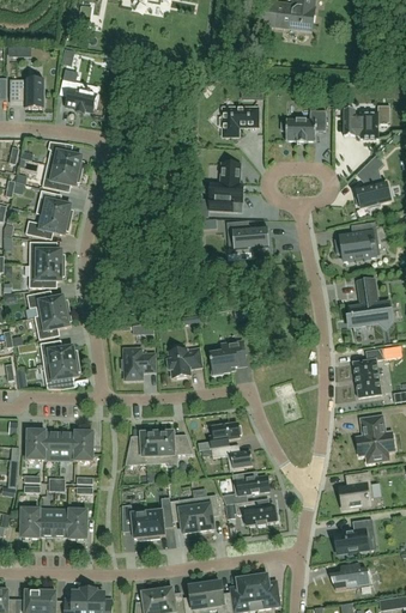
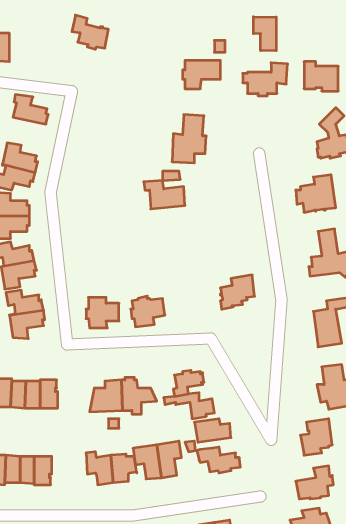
building: none -> [253,17,276,51]
building: [59,78,96,113] -> [72,15,108,49]
building: [42,164,80,189] -> none
building: [226,220,268,249] -> [144,181,185,209]
building: [210,340,244,375] -> [220,275,255,309]

